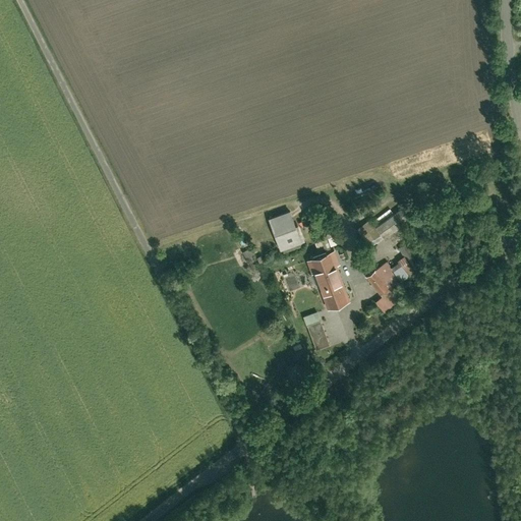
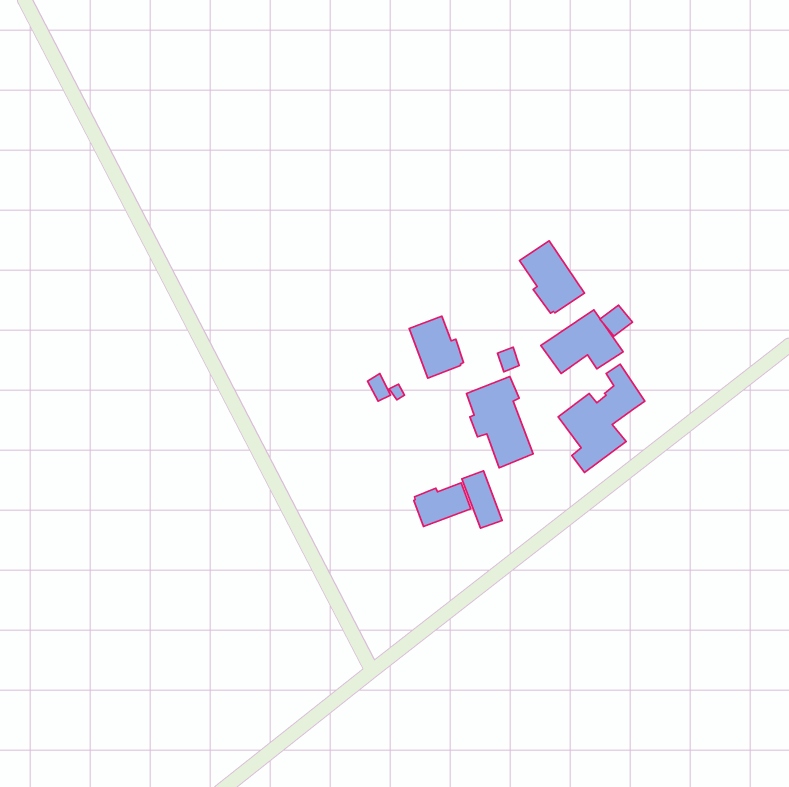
building: none -> [520,241,584,313]
building: none -> [414,483,471,527]

